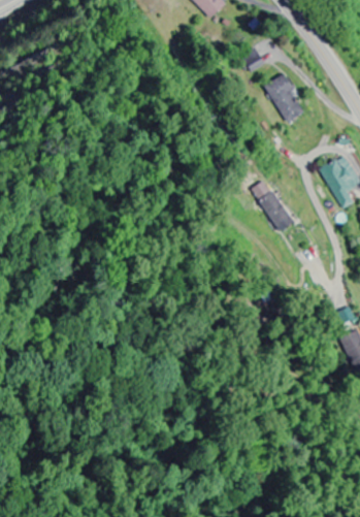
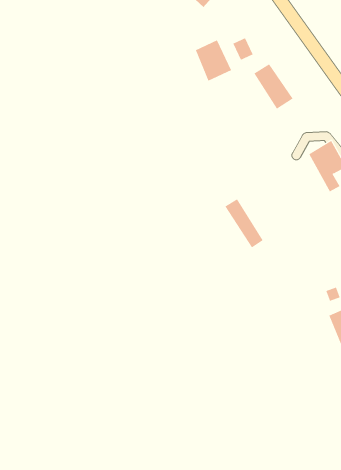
building: none -> [195,39,232,82]
building: [252,180,292,231] -> [225,198,263,248]

